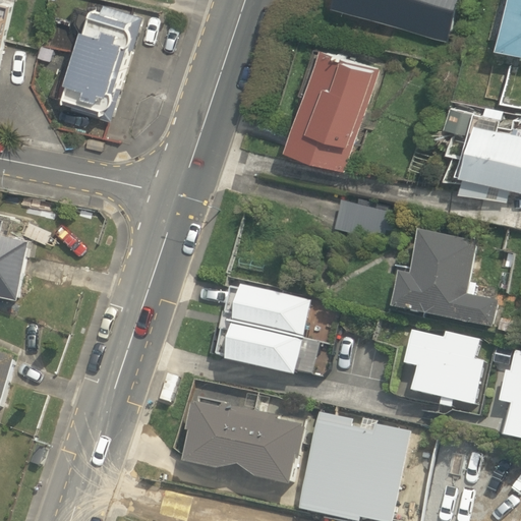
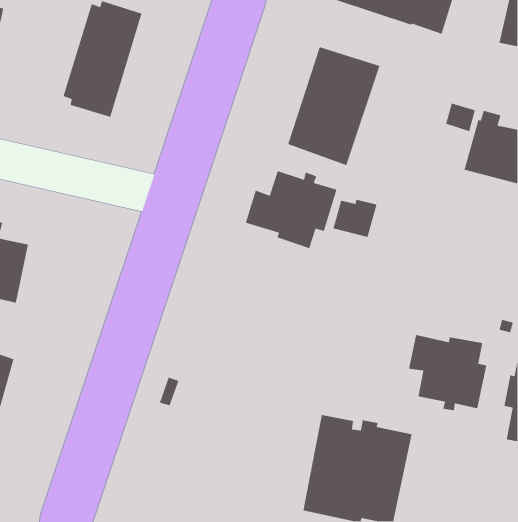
building: none -> [245,170,338,249]
building: [390,229,496,327] -> none
building: [216,289,309,378] -> none
building: [182,397,307,484] -> none

